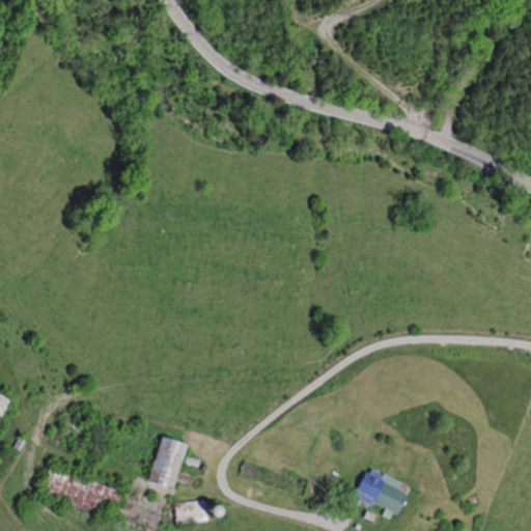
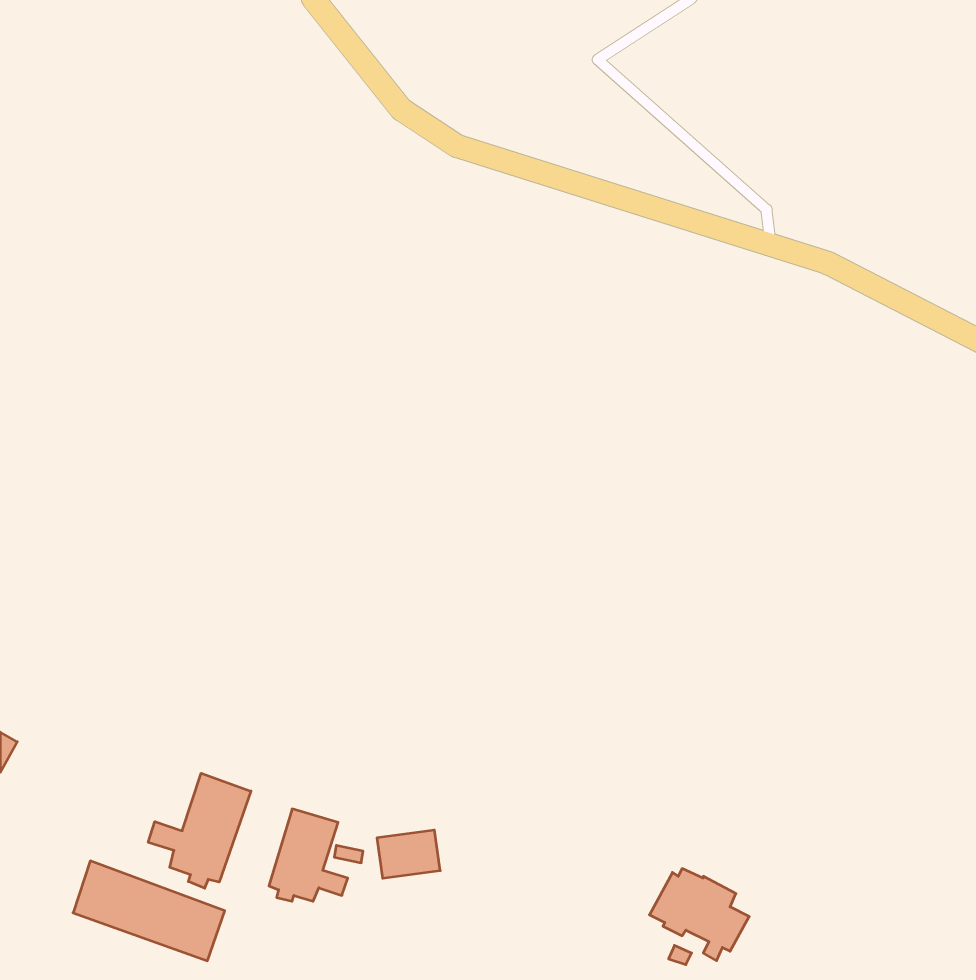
building: none -> [148,773,251,888]
building: [174,498,208,524] -> [377,830,440,878]

